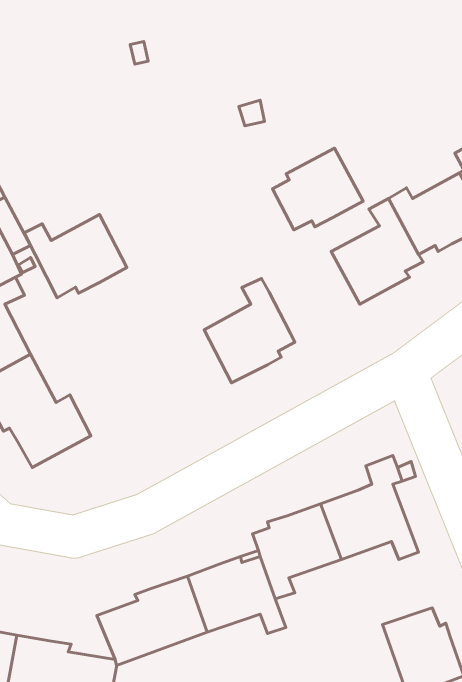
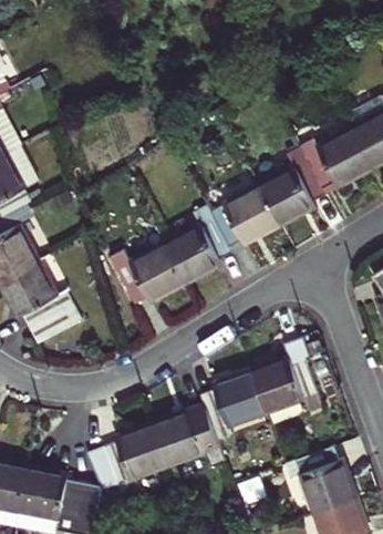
building: [273,148,363,230] -> [213,186,279,246]
building: [24,215,127,298] -> [110,244,185,305]

